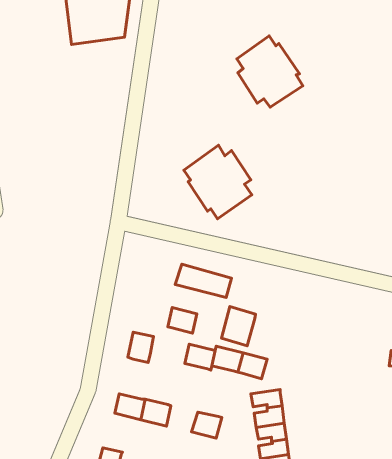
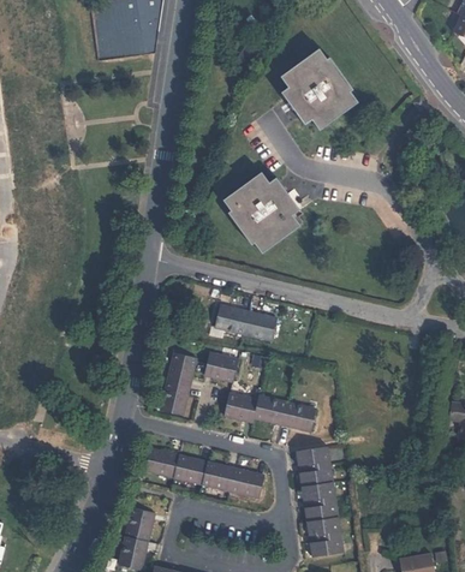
building: none -> [166,351,196,385]
building: [222,307,255,346] -> none
building: none -> [203,461,238,490]

